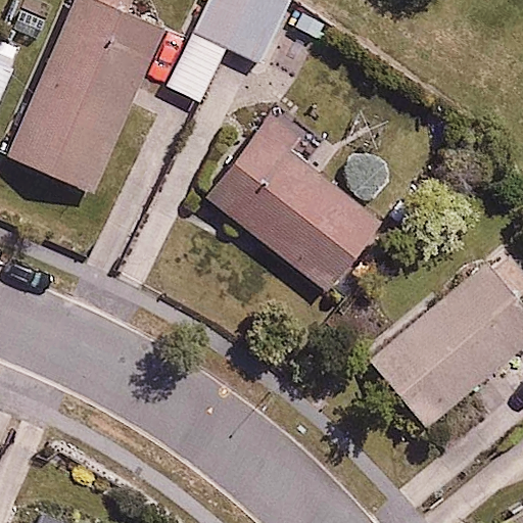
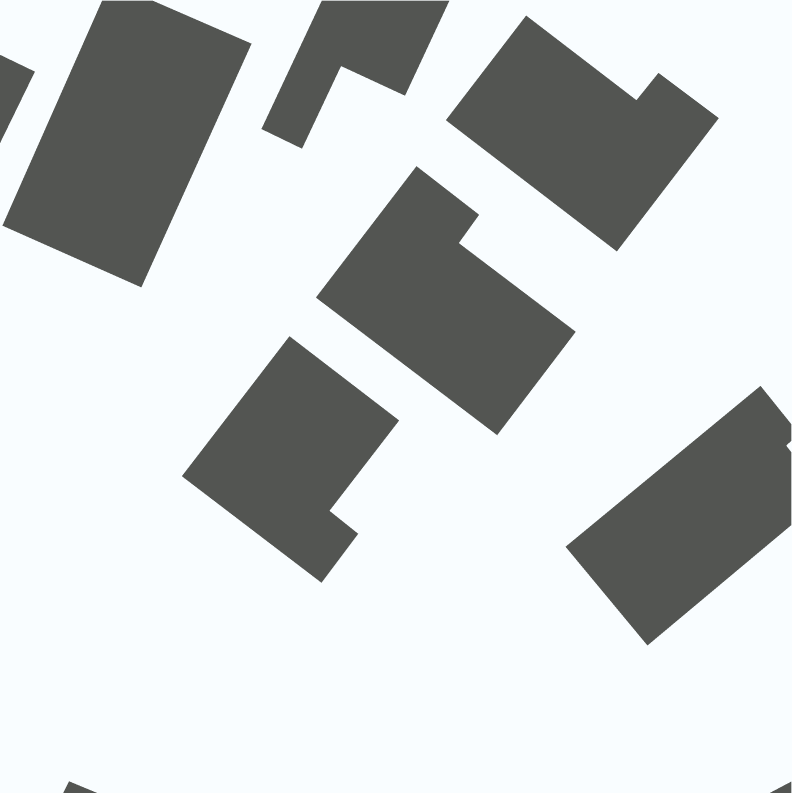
building: none -> [445,15,720,253]
building: none -> [181,335,400,584]

